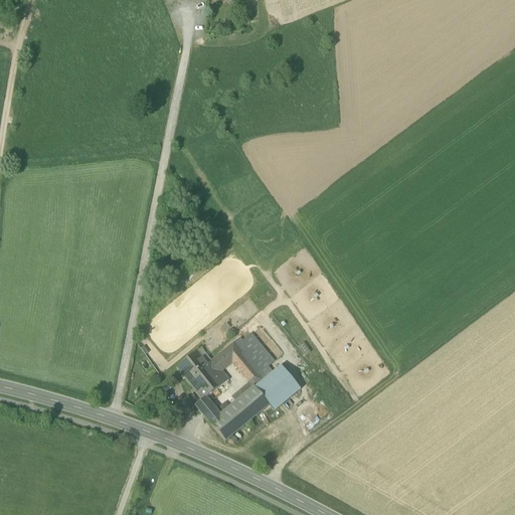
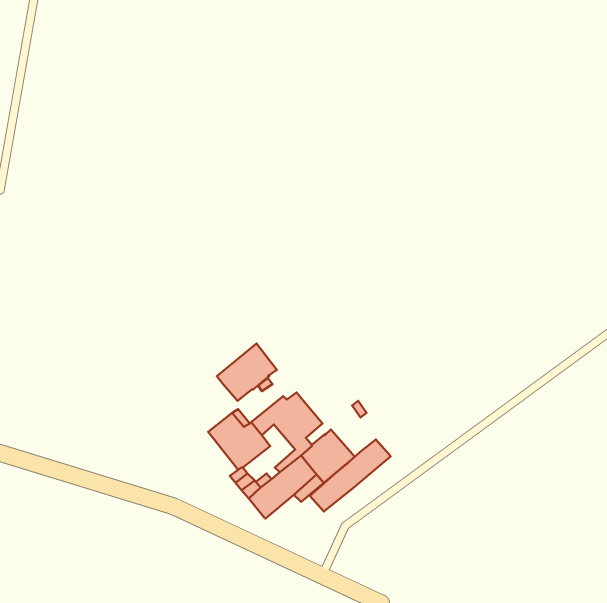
building: none -> [217,344,277,401]
building: none -> [310,439,391,512]

